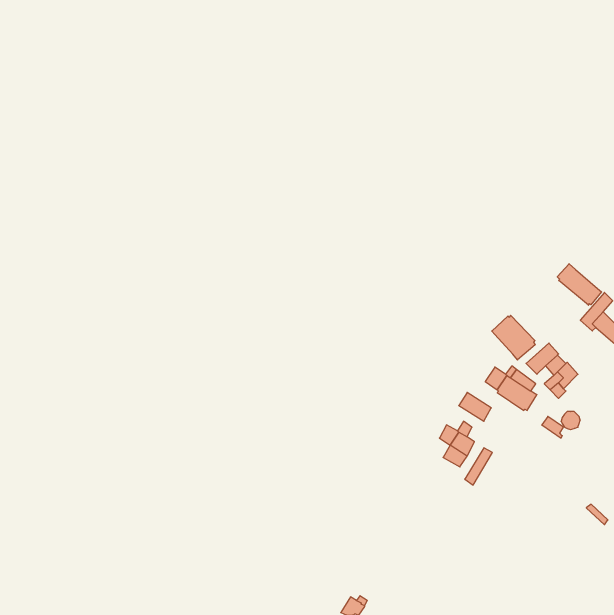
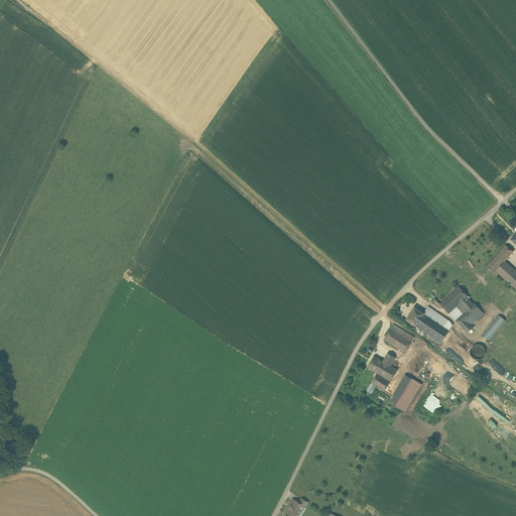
building: [557,264,602,305] -> none
building: [492,315,535,360] -> none

